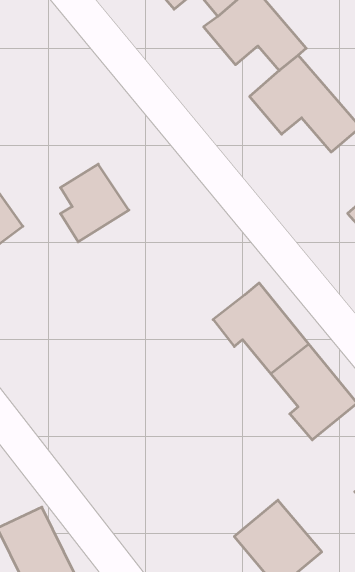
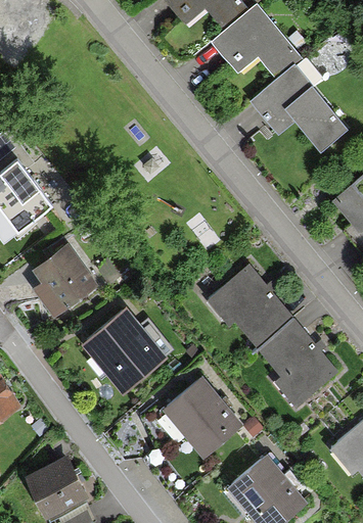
building: [60,164,129,242] -> [36,244,95,312]
building: none -> [88,311,164,389]
building: none -> [167,375,244,454]

